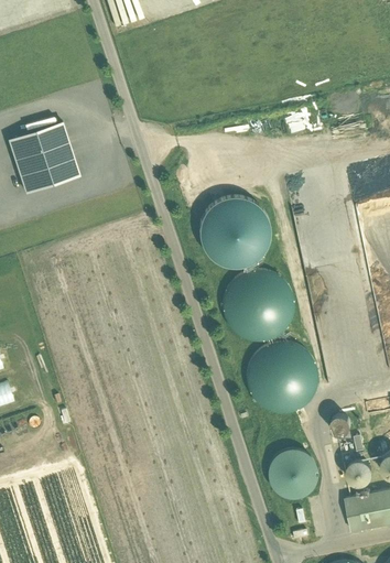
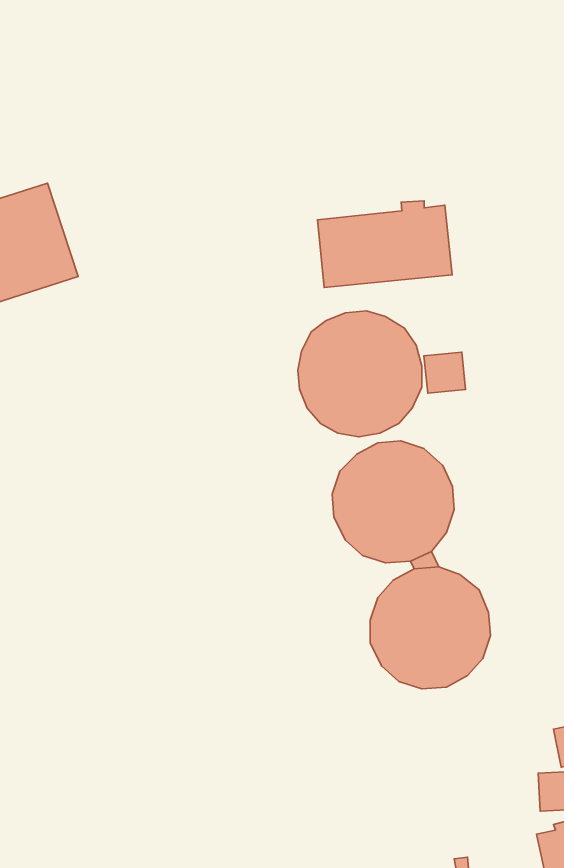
building: none -> [317,201,452,288]
building: none -> [424,352,465,393]
building: [268,452,312,497] -> none

